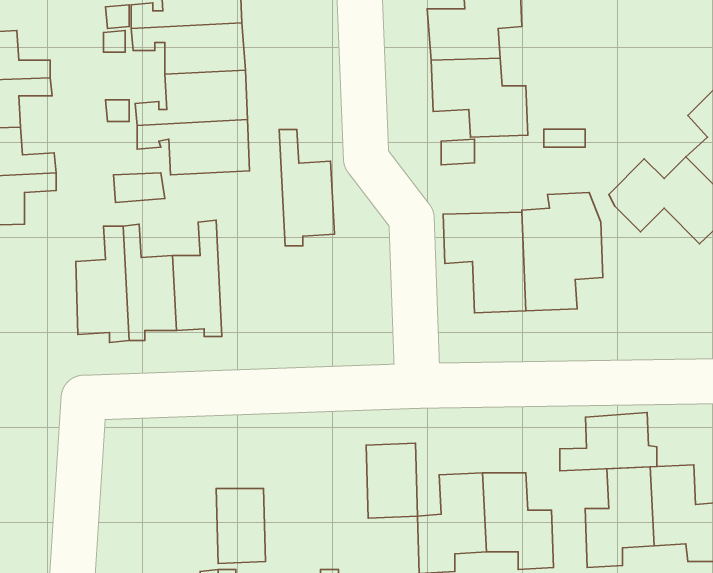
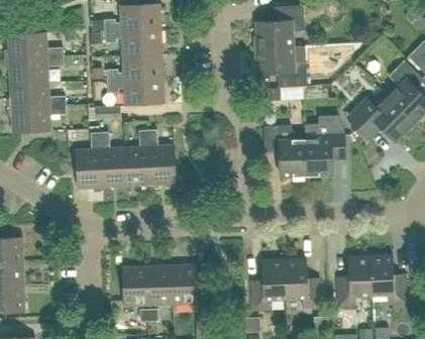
building: [279,129,334,246] -> [147,129,176,189]
building: [560,412,657,471] -> none
building: [366,443,417,518] -> [172,265,198,304]
building: none -> [122,266,148,305]

